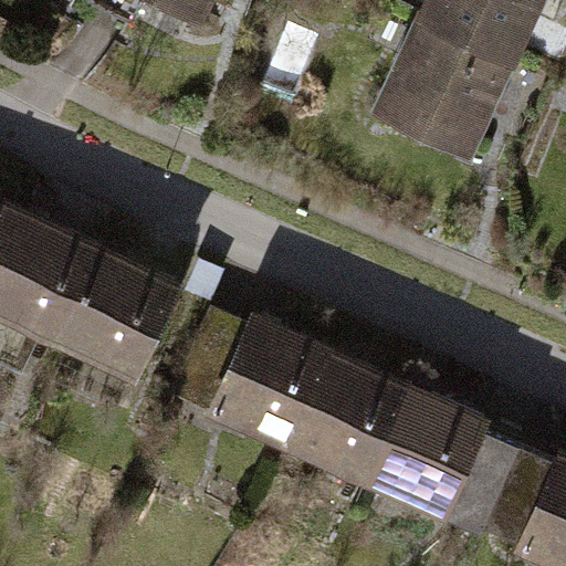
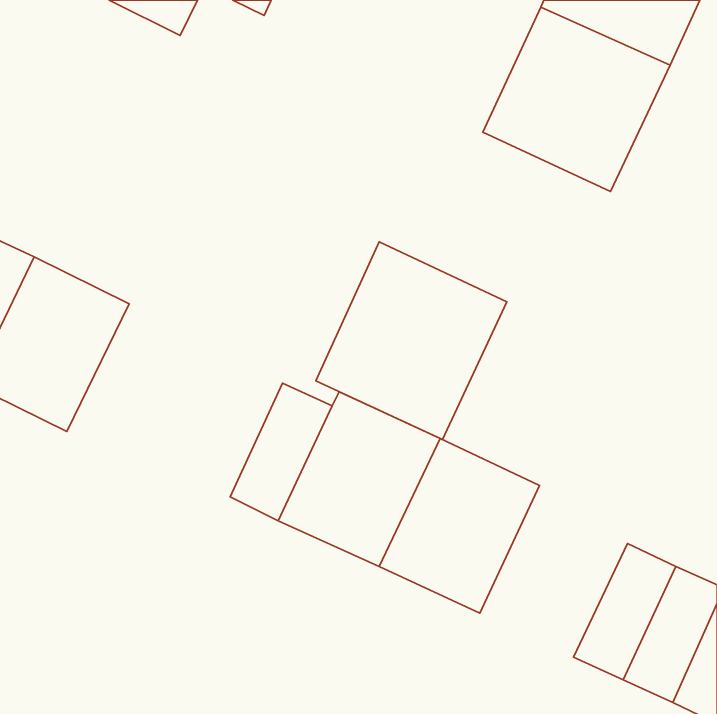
building: none -> [316,242,507,440]
building: [52,245,178,382] -> none
building: [374,387,494,521] -> none

